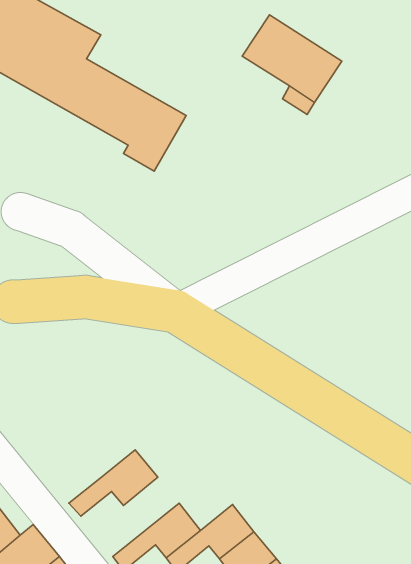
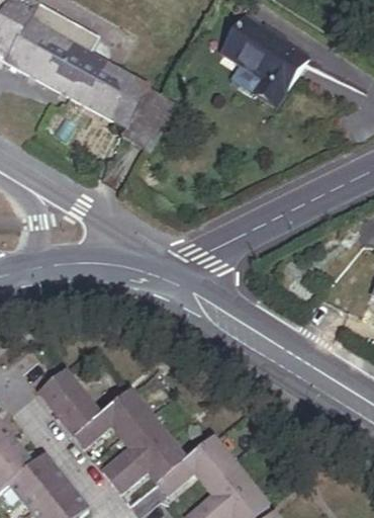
building: none -> [39,368,101,435]
building: none -> [103,413,169,481]

